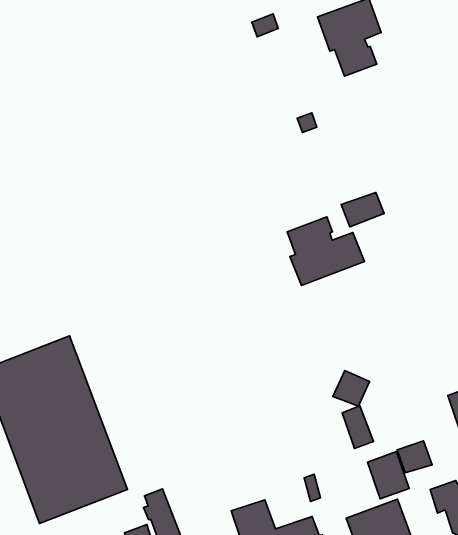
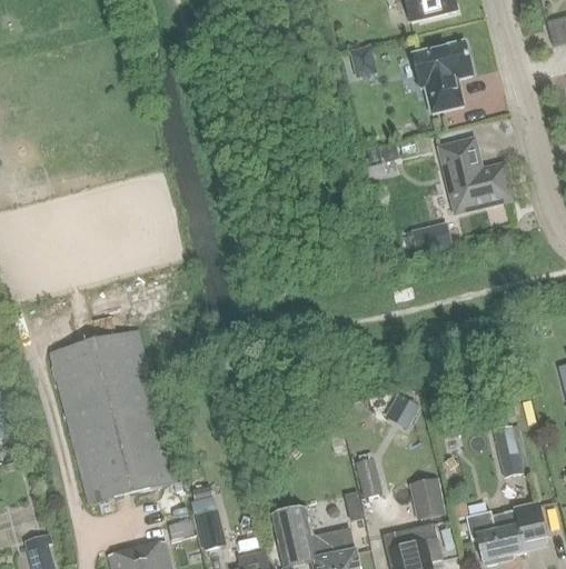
building: none -> [440,141,510,211]
building: [287,217,365,286] -> none
building: [342,406,374,448] -> [355,458,381,498]
building: [397,441,432,473] -> none

